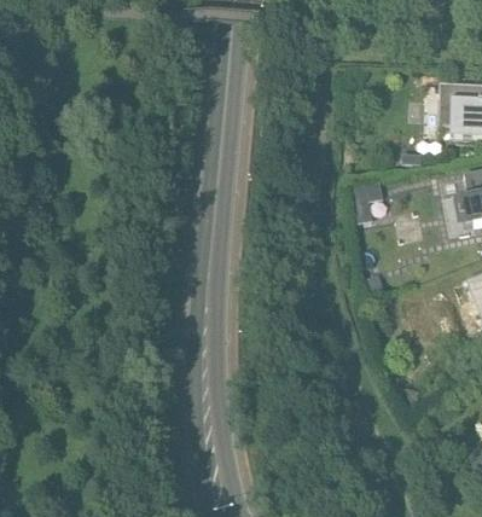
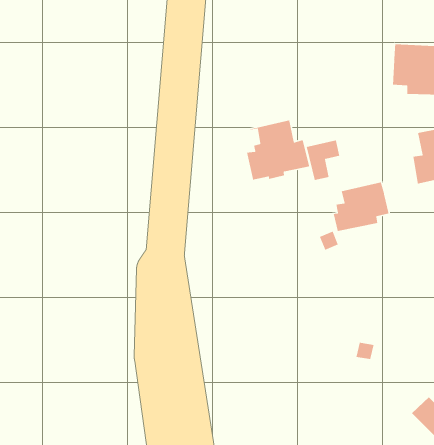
building: none -> [246,120,310,180]
building: none -> [333,181,389,232]

